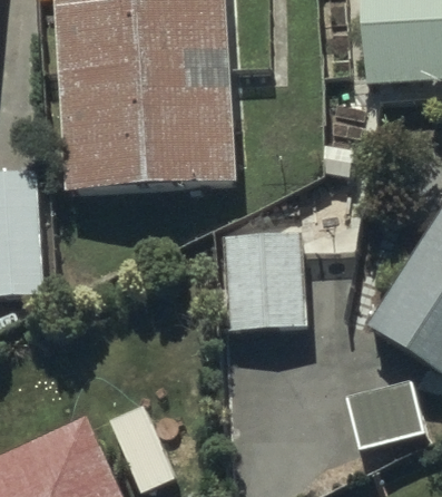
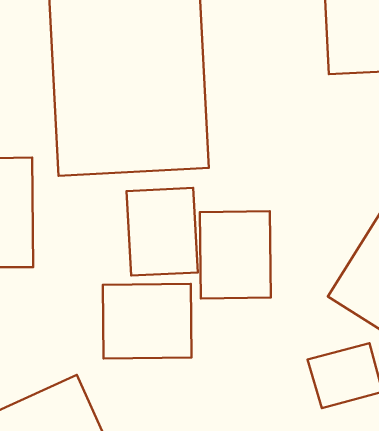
building: none -> [127,188,198,276]
building: none -> [103,284,191,359]

